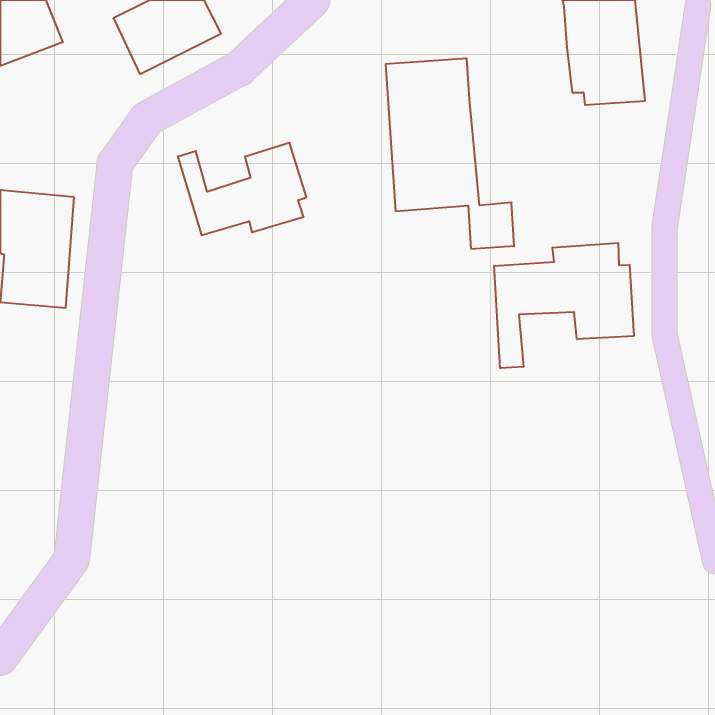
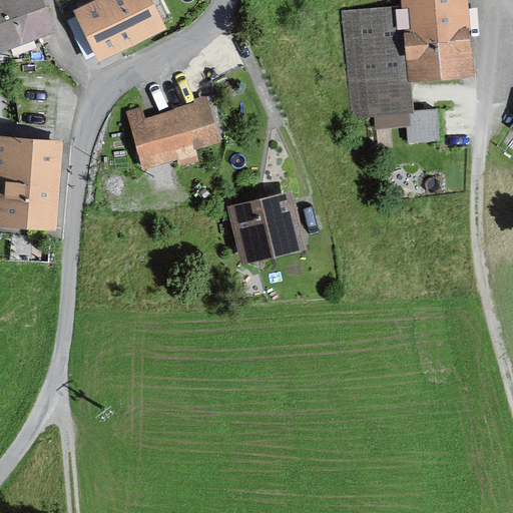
building: [386,58,514,249] -> [346,5,438,141]
building: [494,243,634,368] -> none
building: none -> [240,200,297,253]

